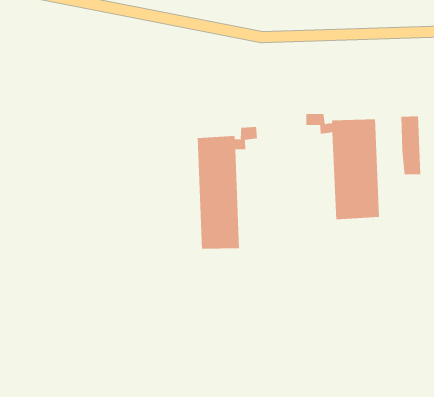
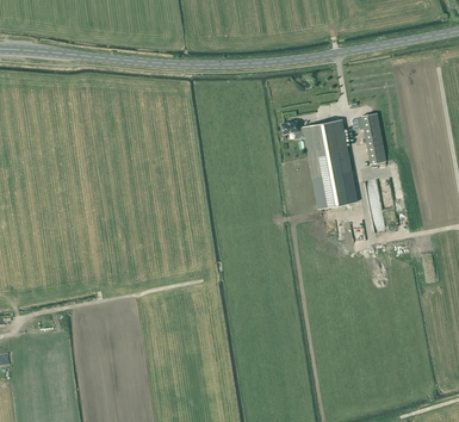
building: [197,126,257,249] -> none

